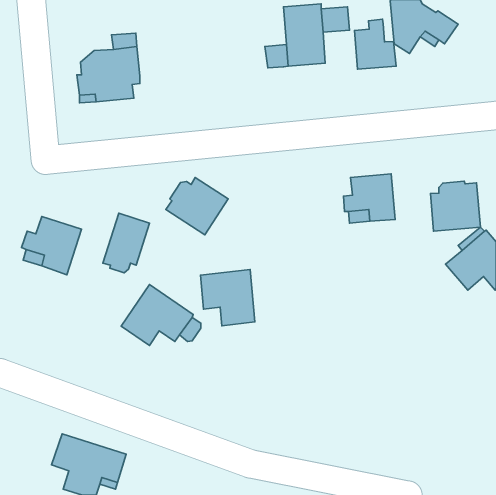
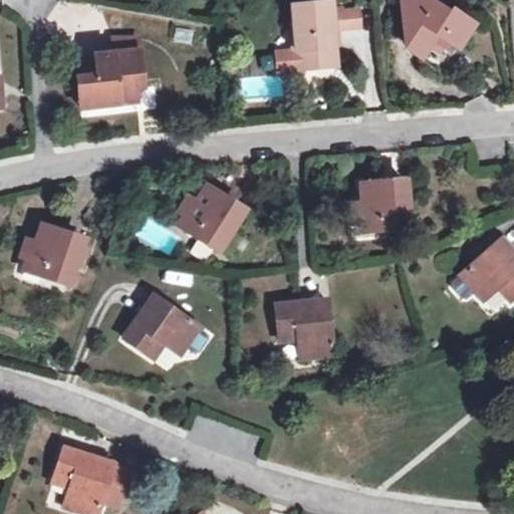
building: [354,19,396,69] -> none
building: [430,181,480,231] -> none
building: [103,213,150,273] -> none
building: [201,269,255,326] -> [277,302,333,360]

